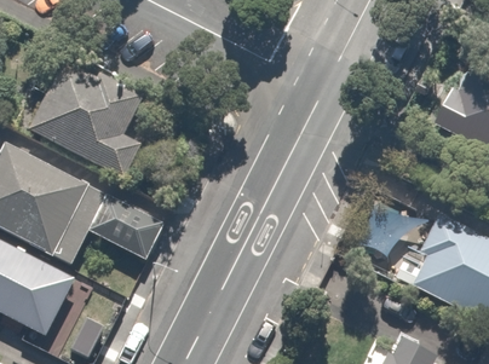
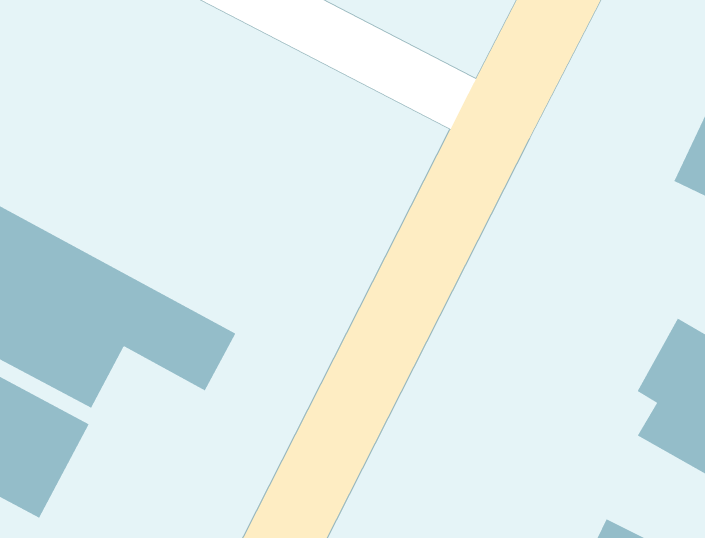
building: [29,53,145,180] -> none

